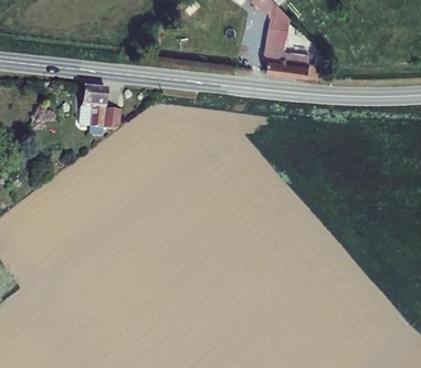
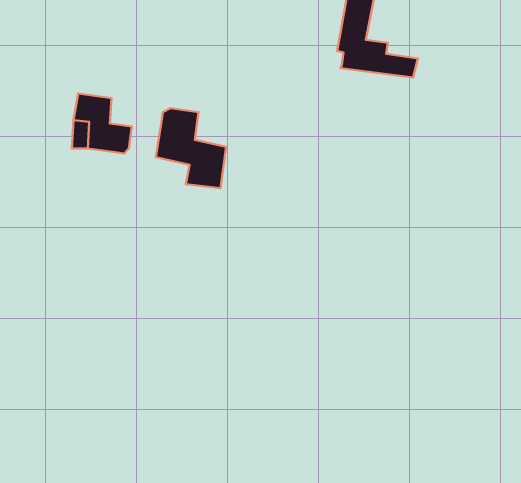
building: none -> [156,108,226,188]

